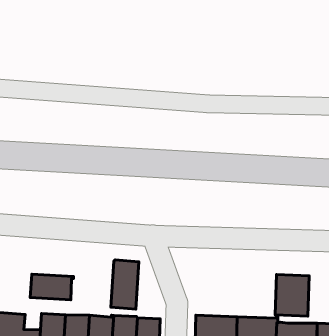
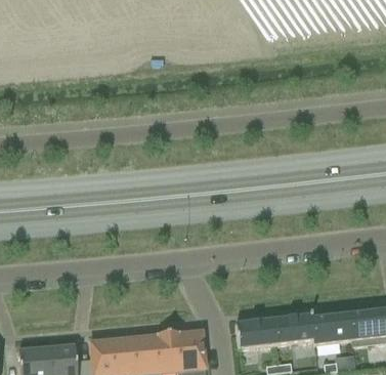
building: [111,260,139,309] -> none
building: [30,274,74,300] -> none
building: [275,274,309,316] -> none

